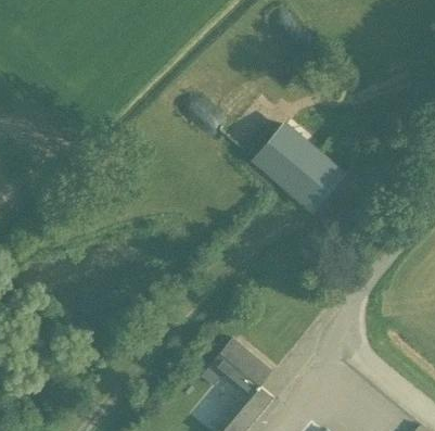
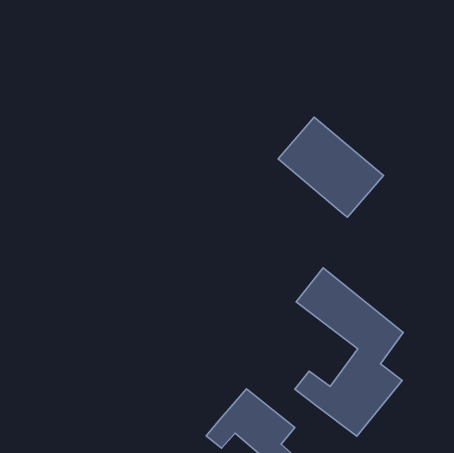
building: none -> [295,268,403,436]

